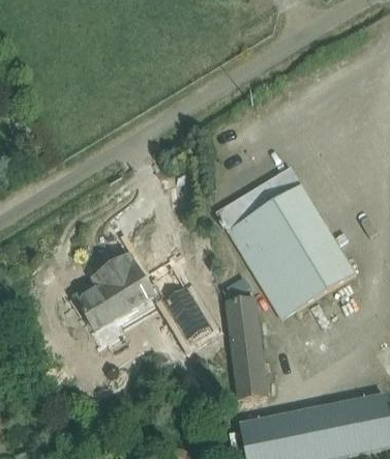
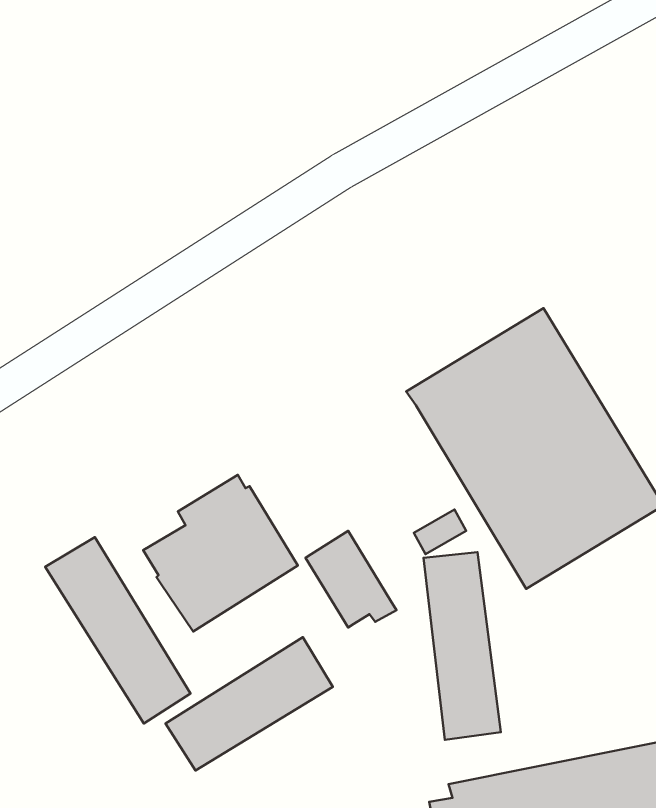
building: none -> [45,537,191,723]
building: none -> [166,637,333,770]

